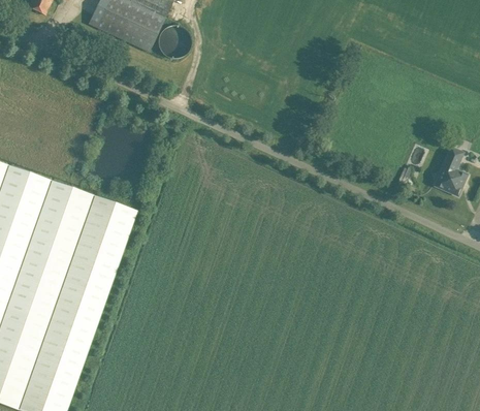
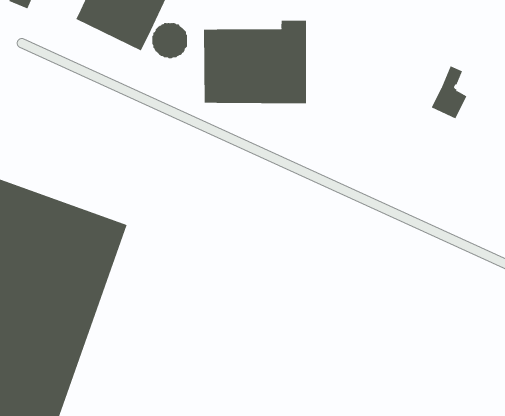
building: none -> [203,20,307,104]
building: [436,147,469,195] -> [431,66,467,119]

